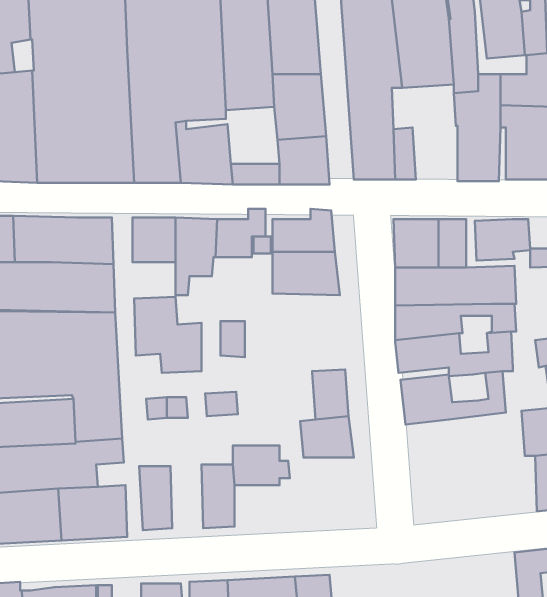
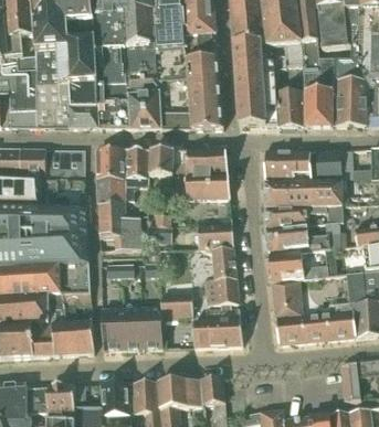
building: none -> [276,89,305,125]
building: none -> [97,177,125,200]
building: none -> [199,222,233,247]
building: none -> [272,277,356,342]
building: none -> [193,301,243,345]
building: none -> [122,306,143,346]

